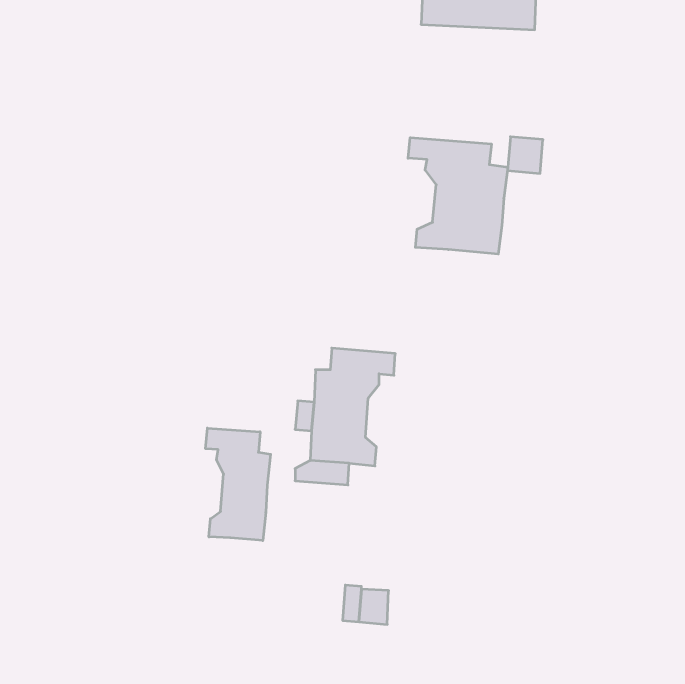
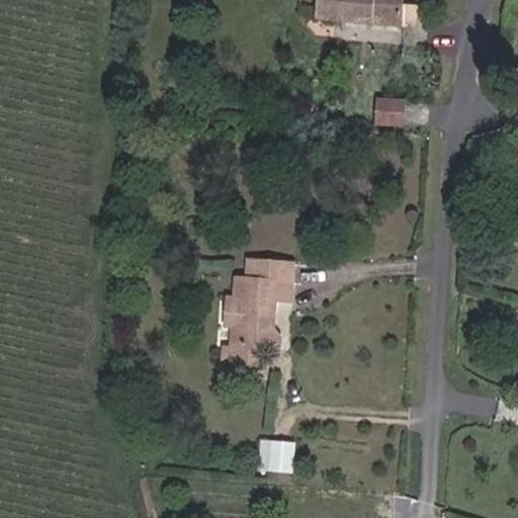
building: [408,138,508,254] -> none
building: [206,428,271,541] -> none

